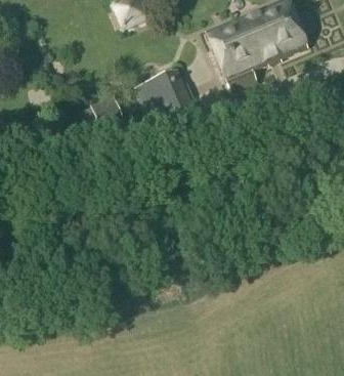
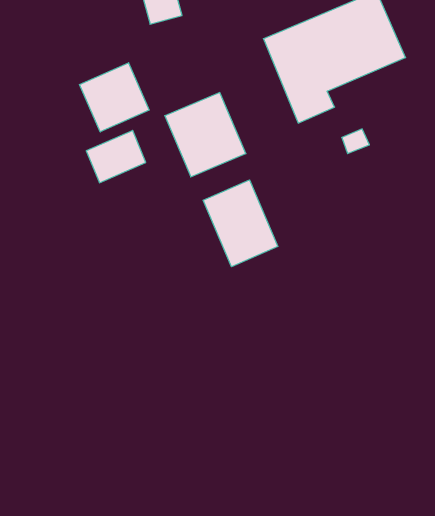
building: none -> [80,63,149,132]
building: none -> [203,180,278,267]

